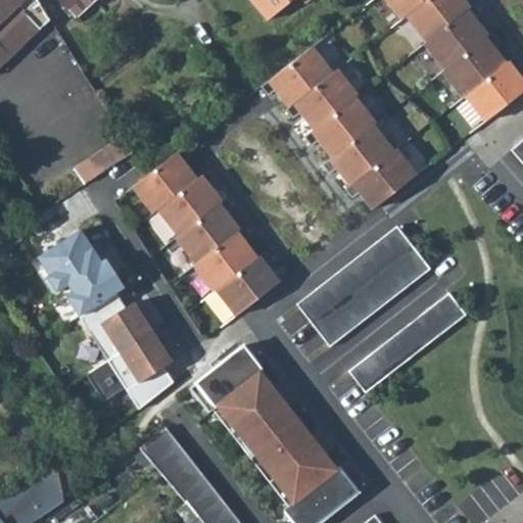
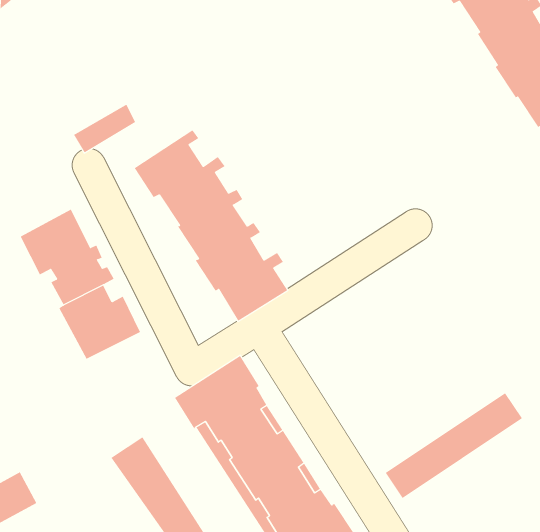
building: [263,48,416,208] -> none
building: [297,227,432,347] -> none
building: [349,292,467,394] -> [385,392,523,499]
building: [88,332,174,410] -> none

